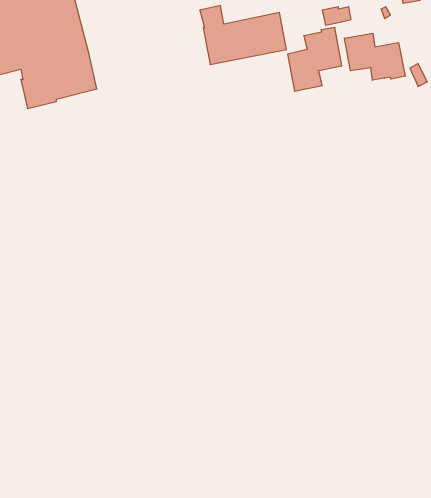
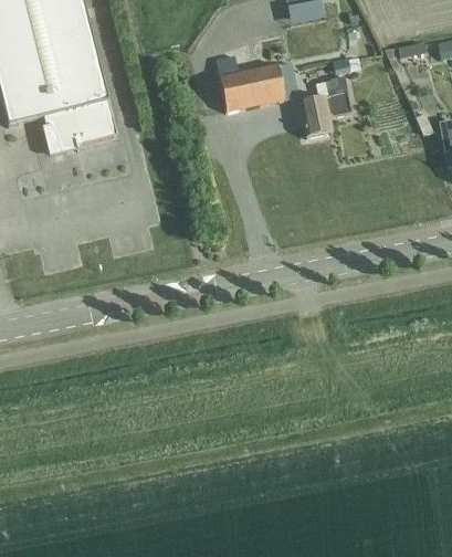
building: [344,33,405,80] -> none

